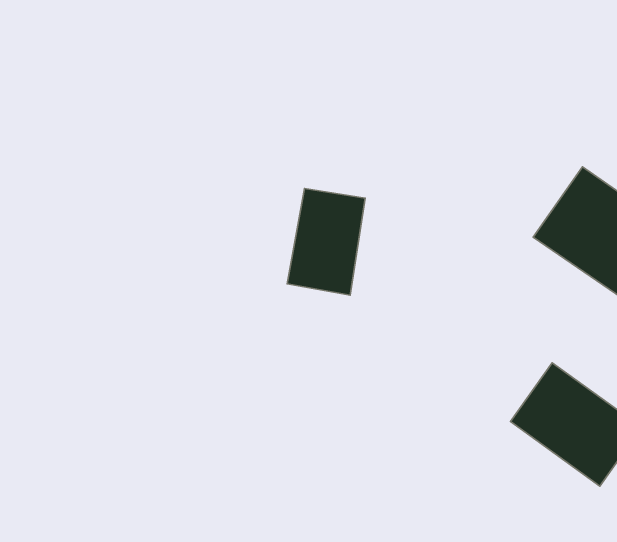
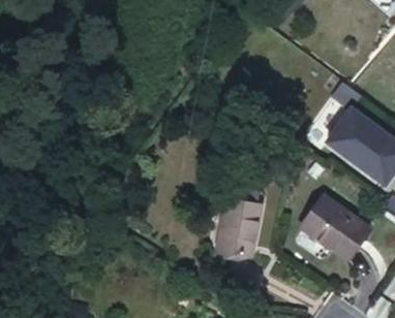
building: [287,189,365,295] -> [221,208,264,265]

